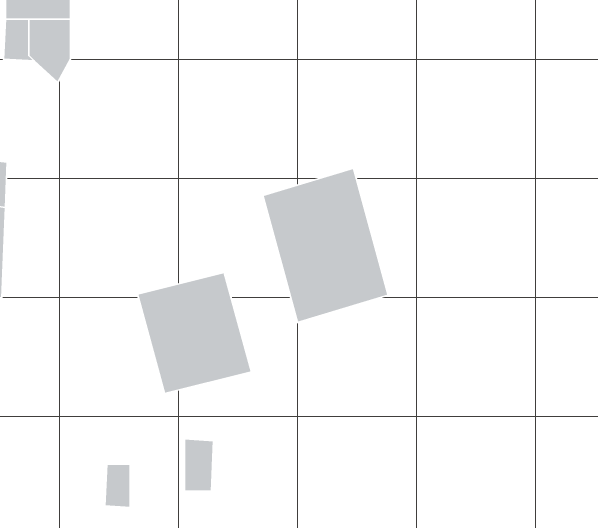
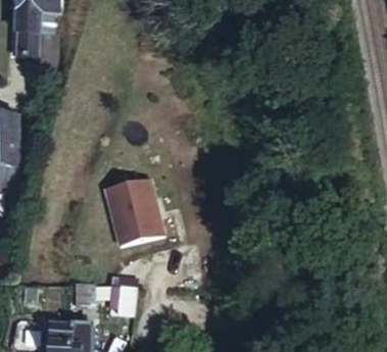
building: [263,168,388,322] -> none

